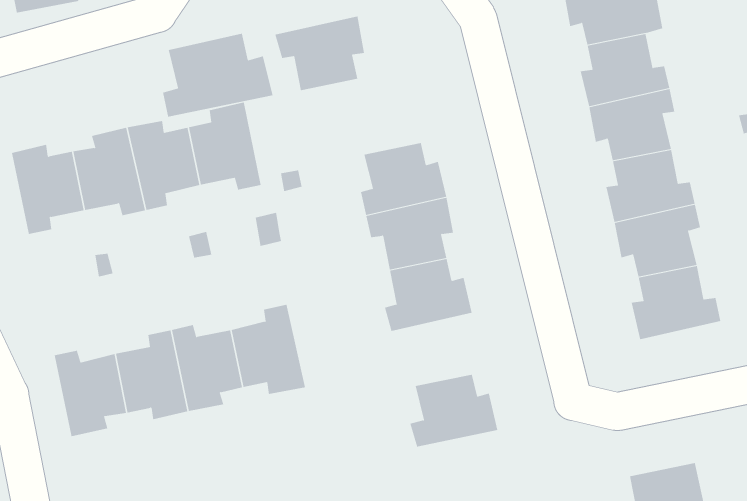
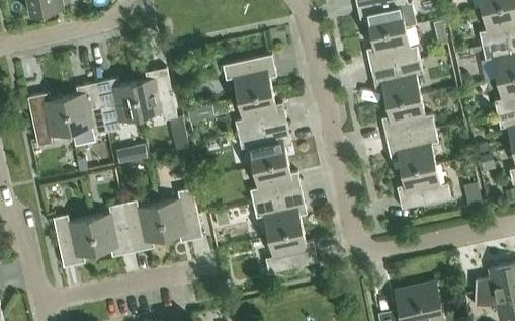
building: [275,16,365,91] -> [223,55,276,99]
building: [163,33,273,117] -> none
building: none -> [254,193,307,237]

